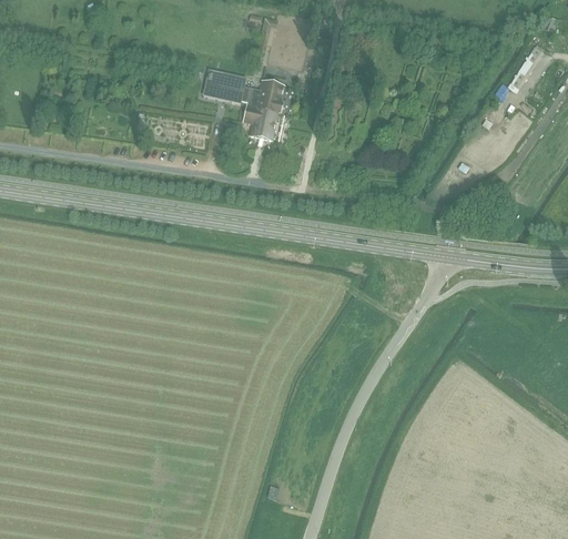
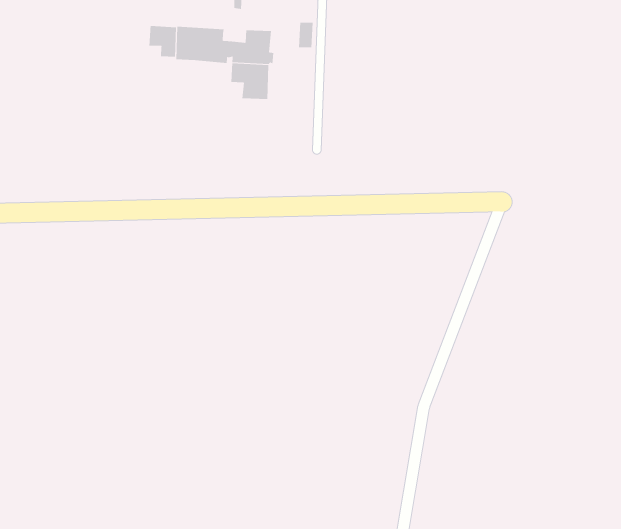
building: none -> [149,25,177,57]

